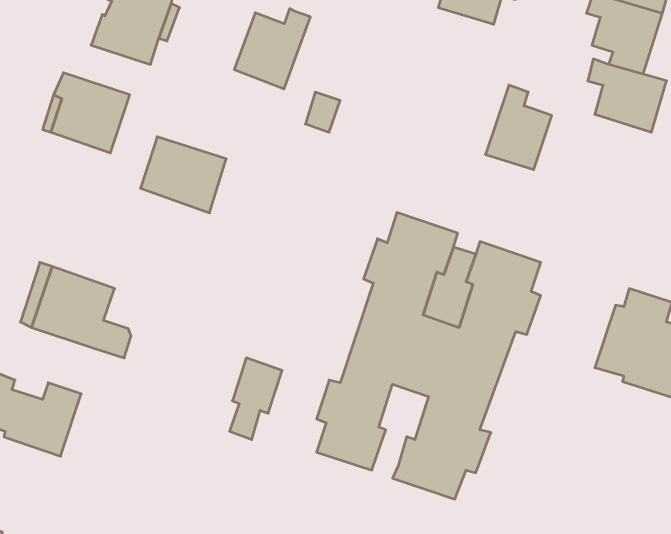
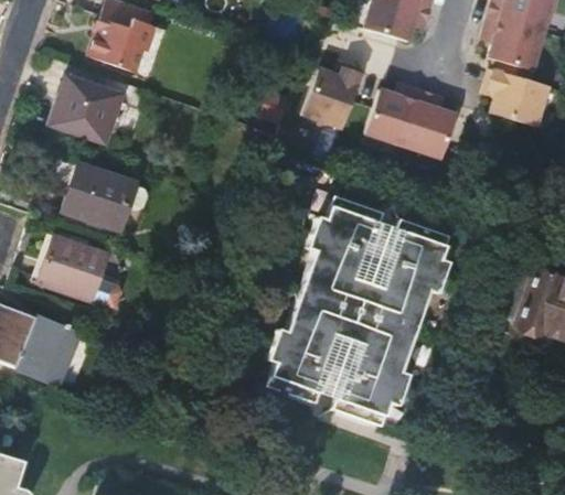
building: [234,9,310,89] -> [303,65,364,129]
building: none -> [366,87,423,147]
building: [140,137,226,213] -> [58,168,127,228]
building: [230,358,282,440] -> [317,330,359,395]

